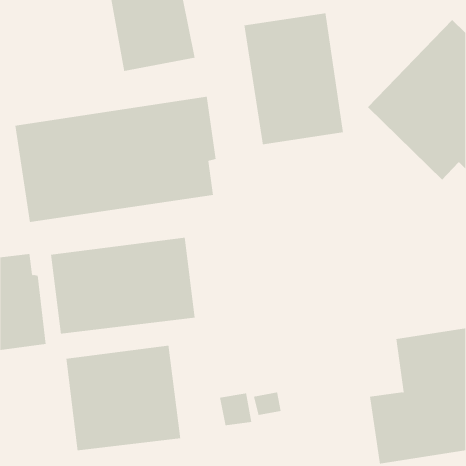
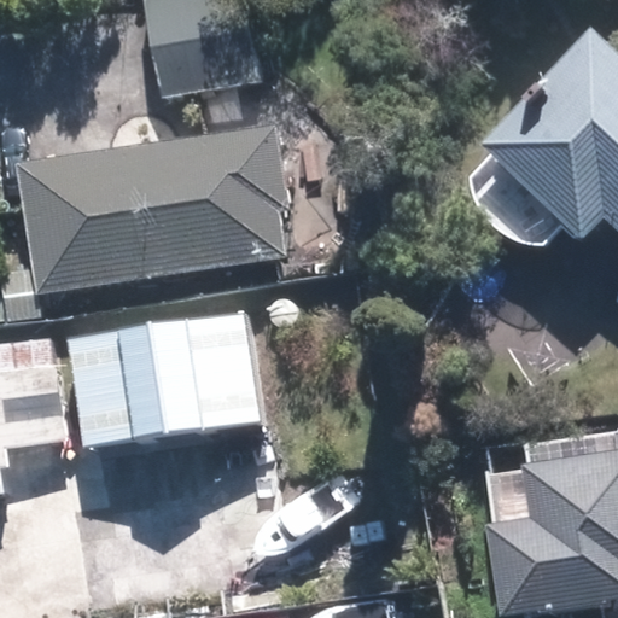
building: [244,12,344,145] -> none
building: [66,345,181,451] -> none

